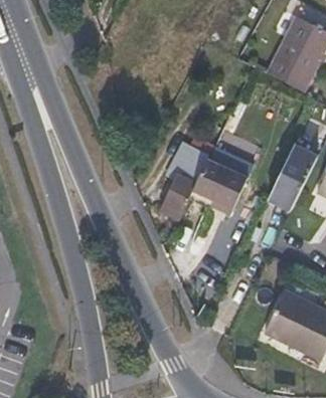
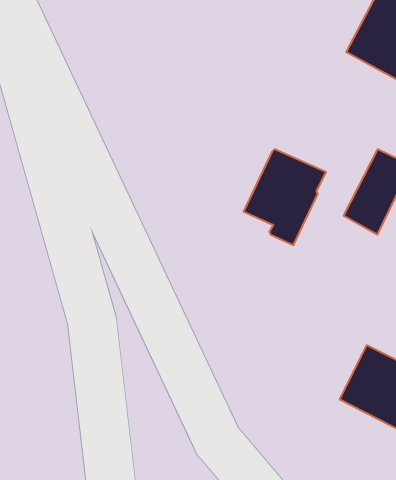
building: [163,135,212,209] -> none

